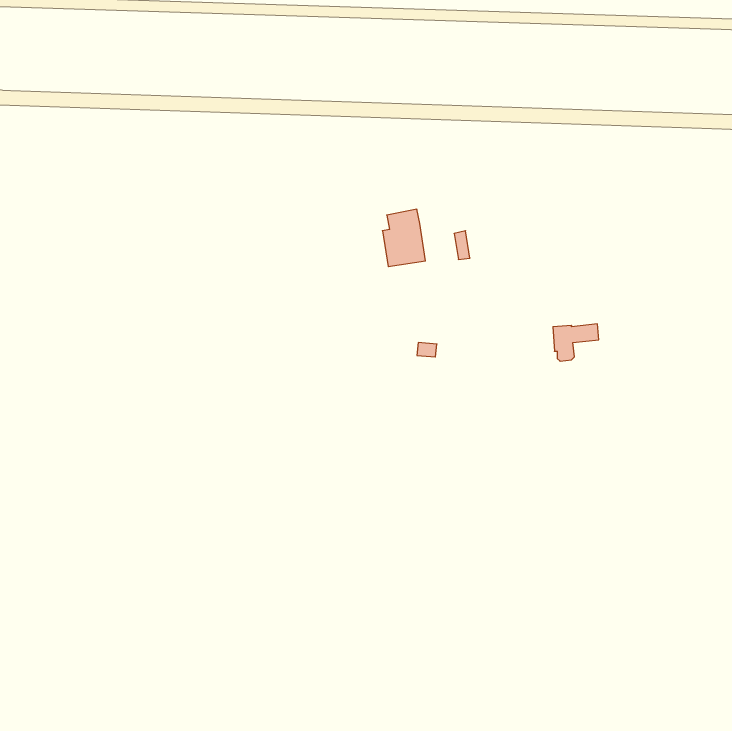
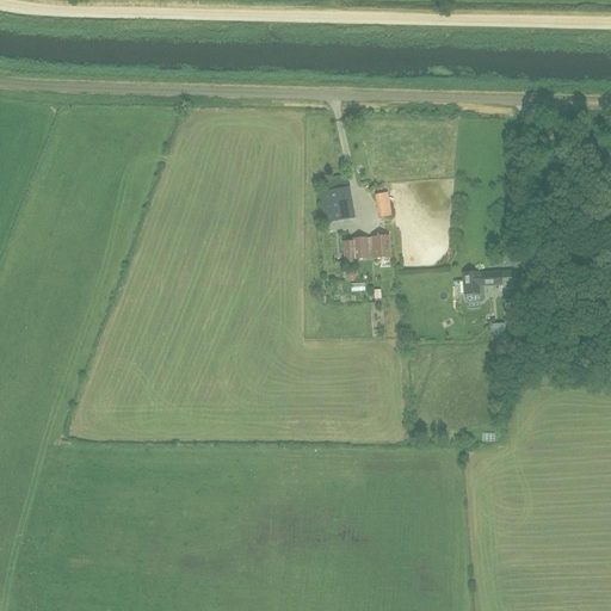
building: none -> [342,235,390,263]

